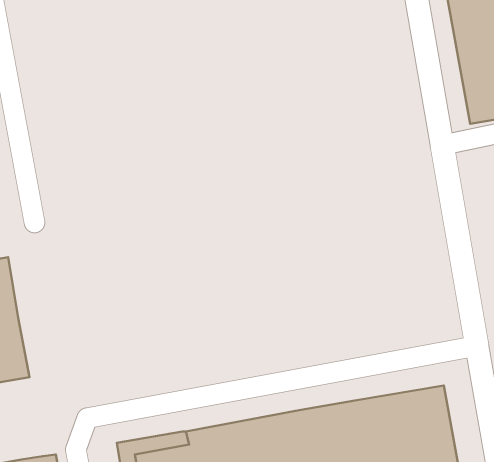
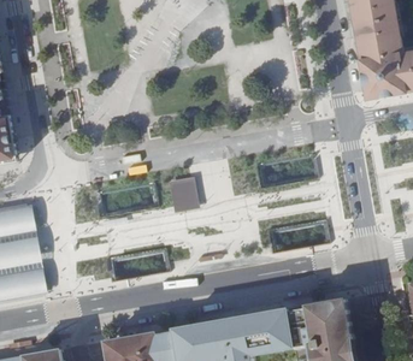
building: none -> [166,176,196,212]

